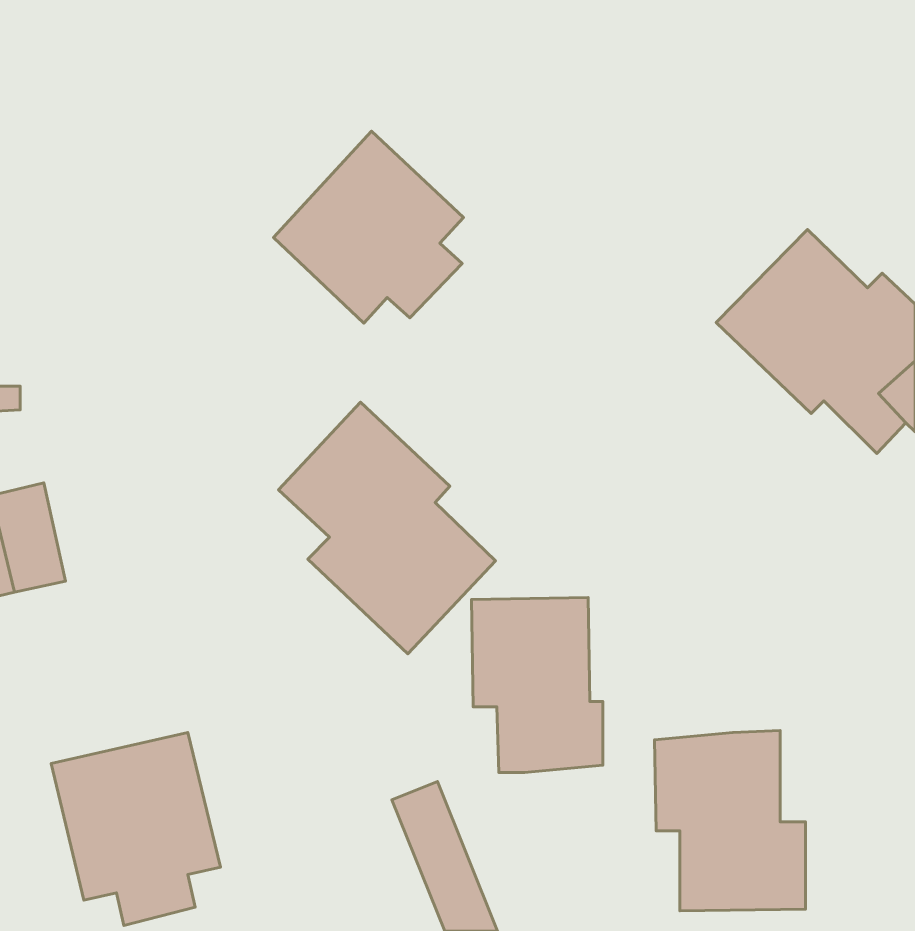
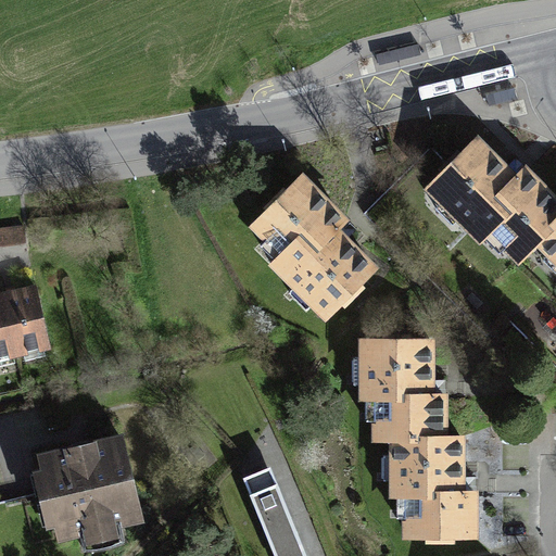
building: [273,131,463,323] -> none
building: [279,402,495,654] -> [252,172,381,321]
building: [471,598,603,772] -> [358,337,437,441]

